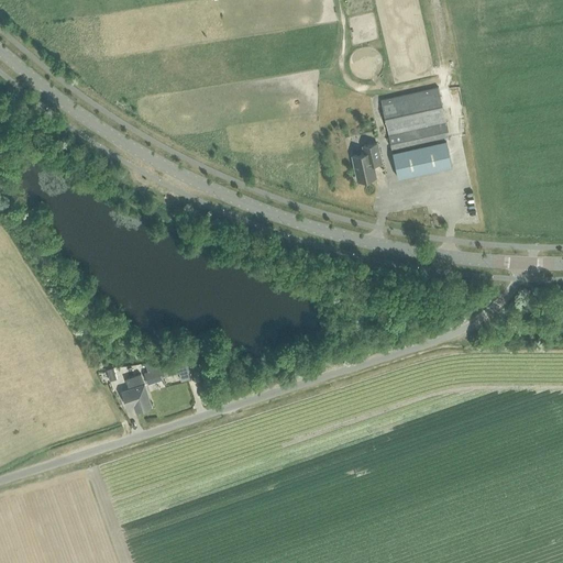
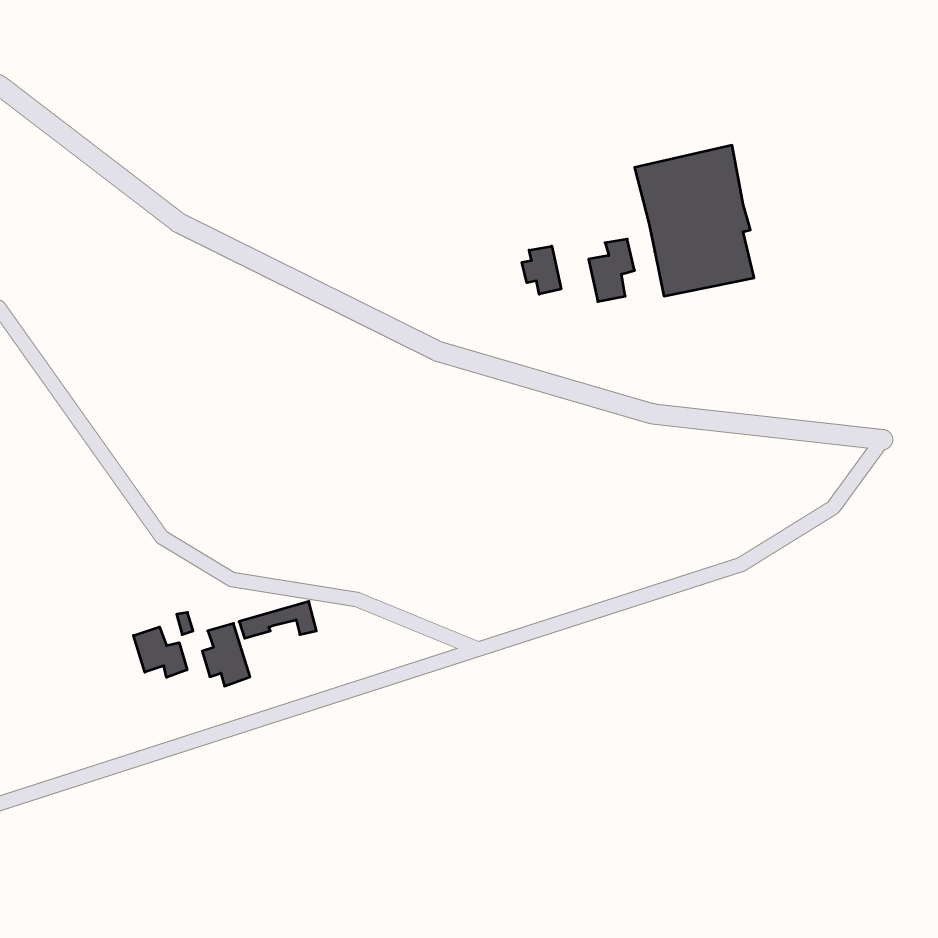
building: none -> [522,246,561,294]
building: none -> [133,627,187,677]

